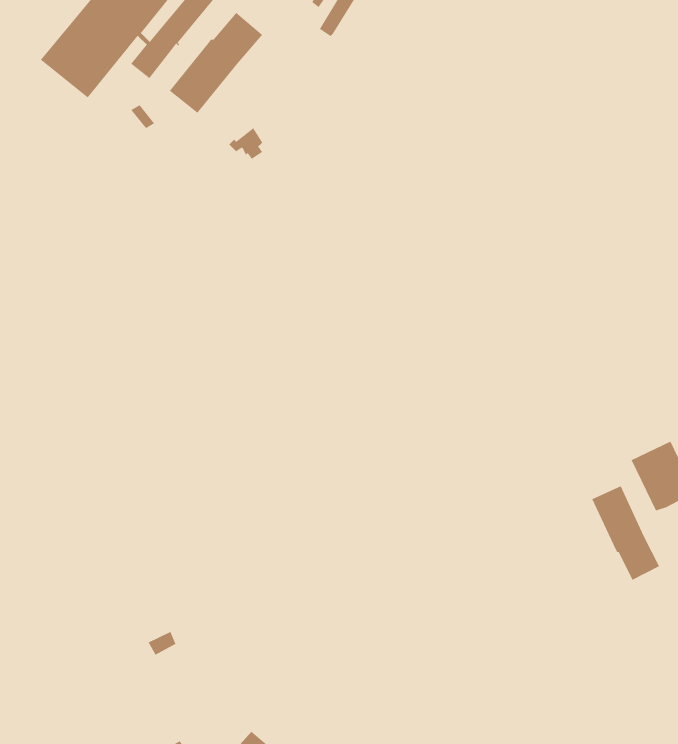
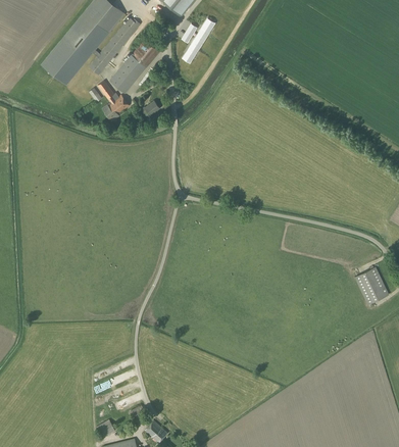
building: none -> [98,80,130,120]
building: [591,485,660,581] -> none

